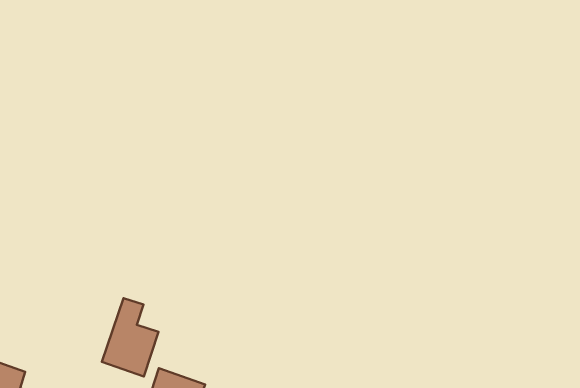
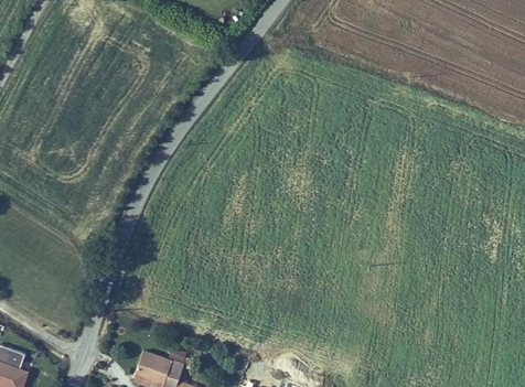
building: [102,298,158,377] -> none

